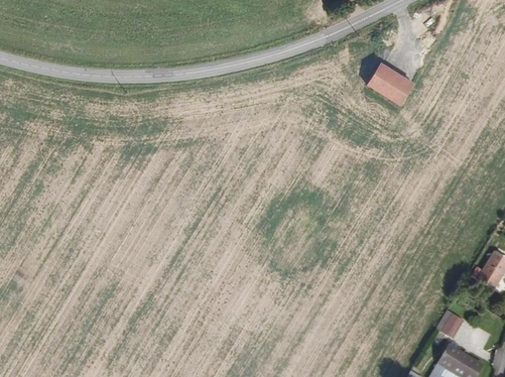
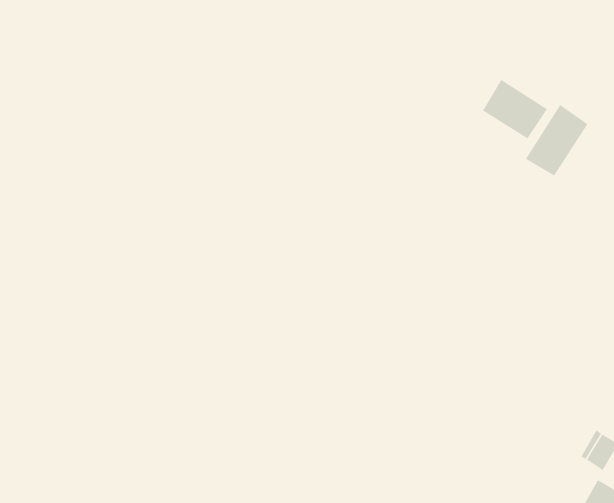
building: none -> [525,104,588,177]

